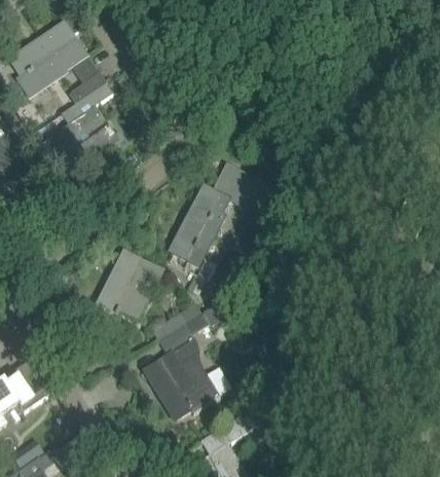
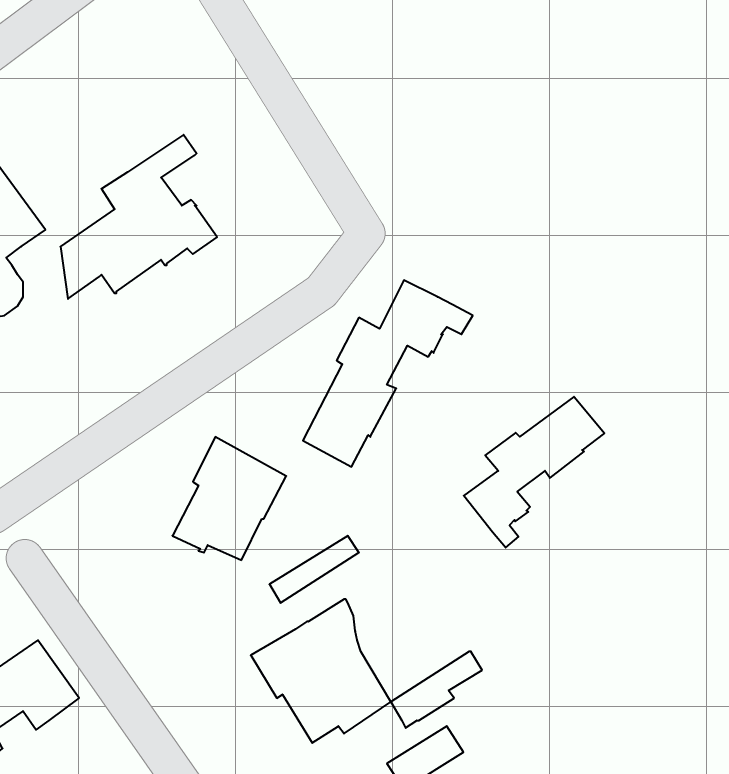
building: [11,17,105,104] -> none
building: none -> [464,397,604,548]
building: [157,314,208,356] -> [391,651,482,728]

